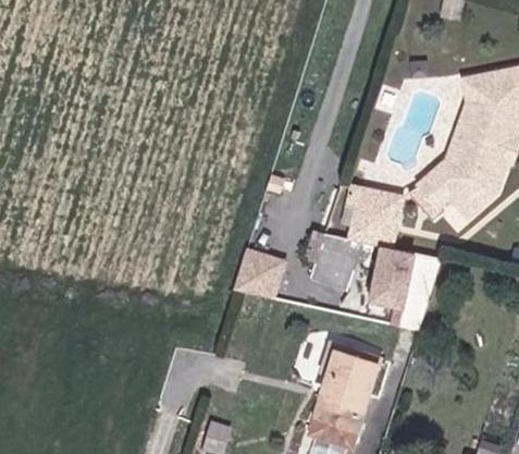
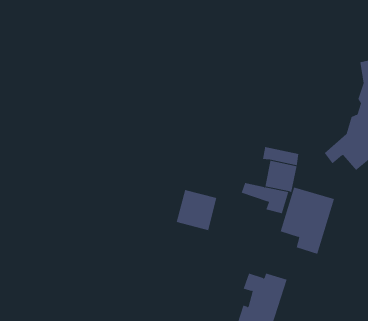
building: [418,82,475,199] -> none
building: [309,250,354,294] -> none

